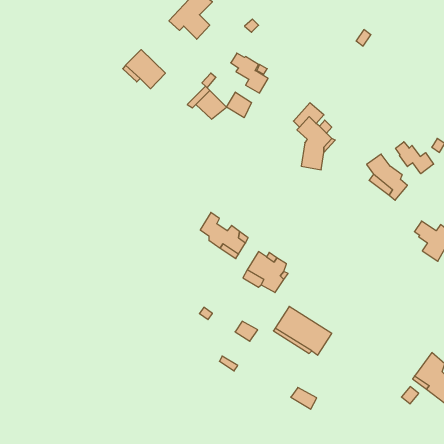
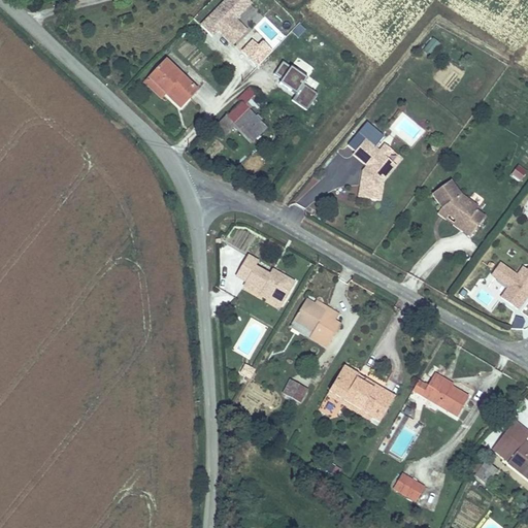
building: none -> [242,39,274,66]
building: [226,92,251,118] -> none
building: [396,142,434,174] -> none
building: none -> [414,369,470,414]
building: [291,387,317,409] -> [390,471,421,497]

